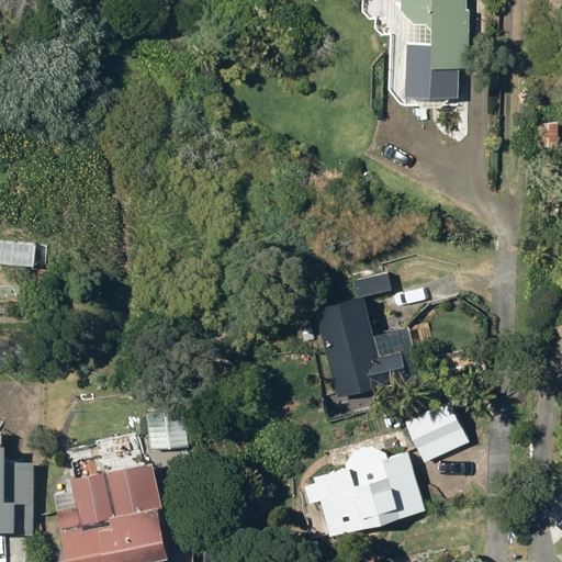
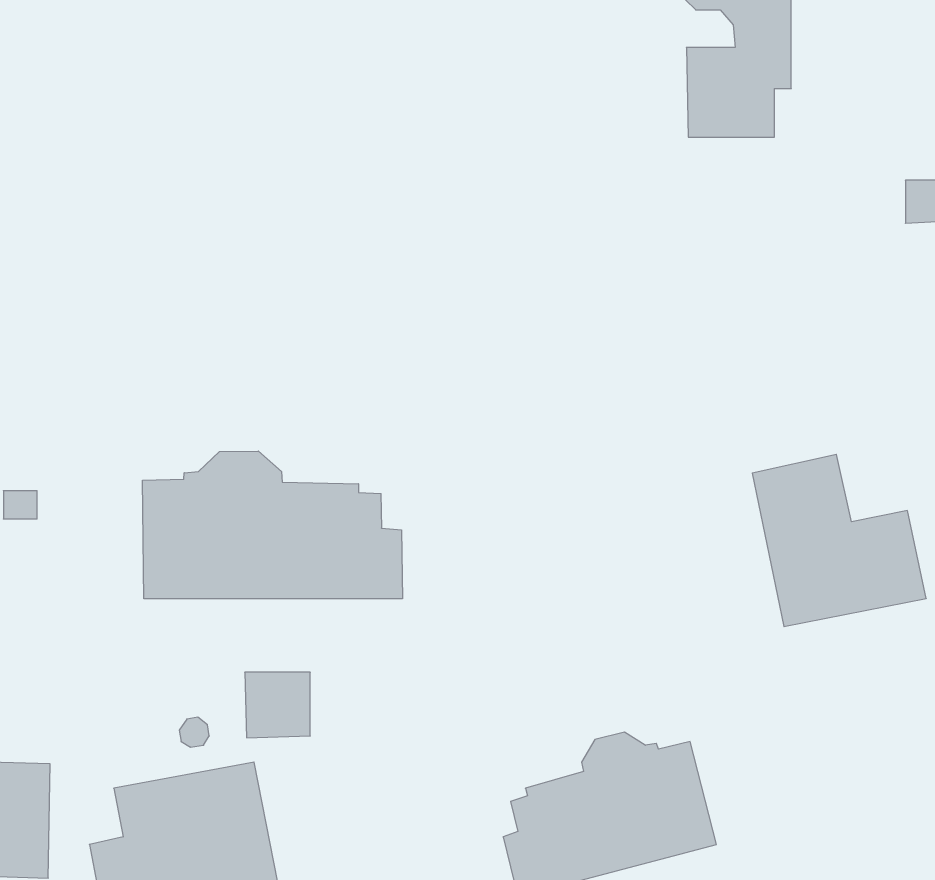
building: none -> [143,451,402,599]
building: [317,295,419,396] -> [752,454,926,627]
building: [404,402,467,461] -> none

